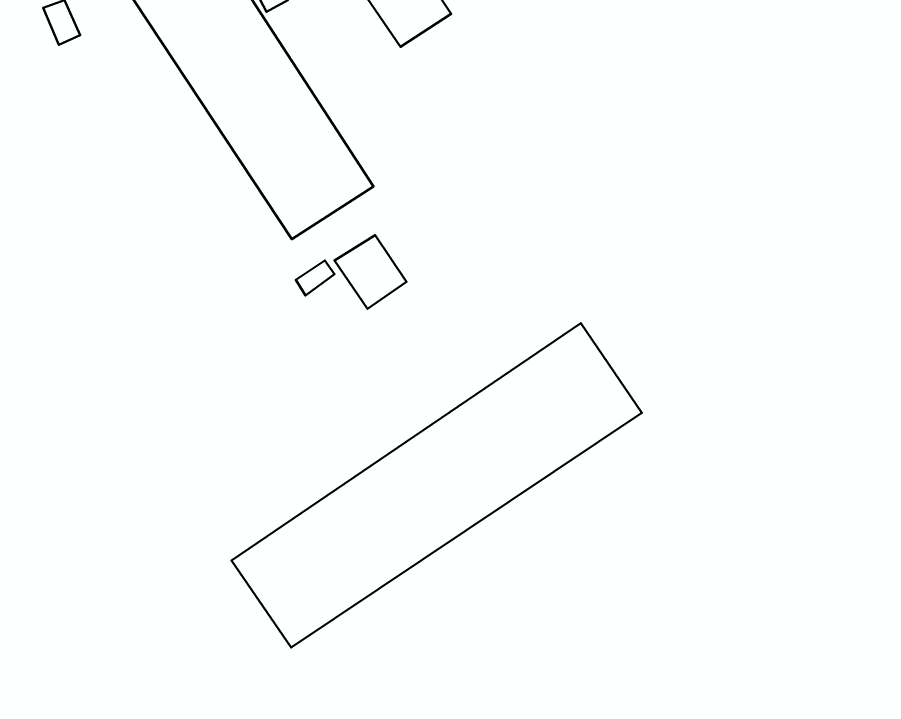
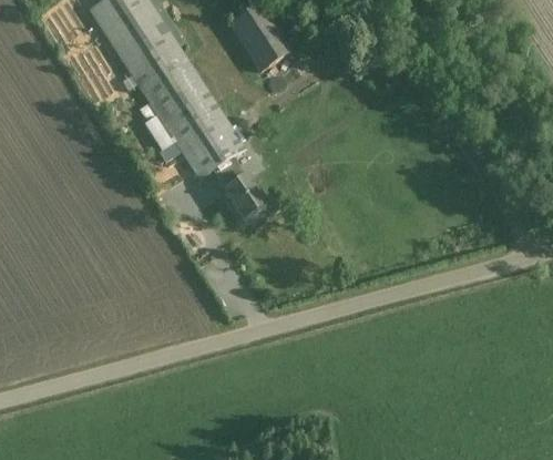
building: [231,323,642,648] -> none

